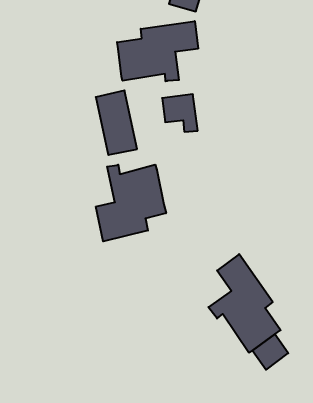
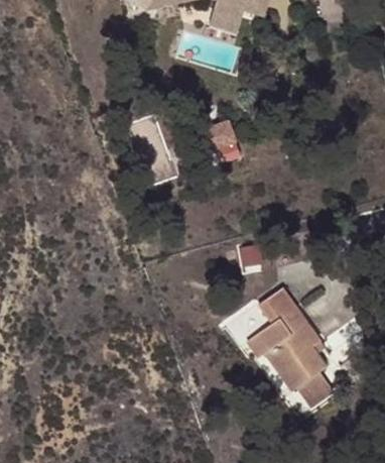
building: [117,21,198,81] -> none
building: [96,165,166,241] -> none

